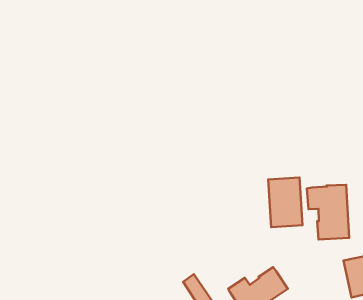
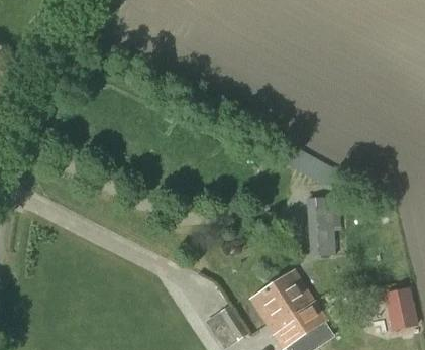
building: [307,185,349,239] -> none
building: none -> [249,270,311,324]

